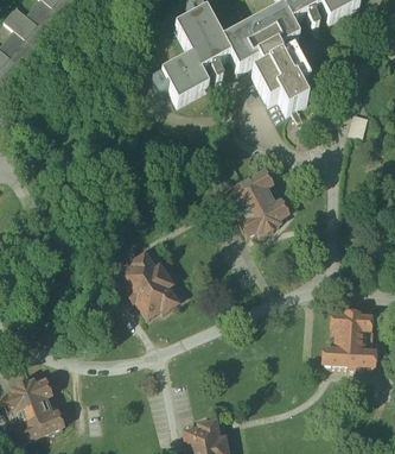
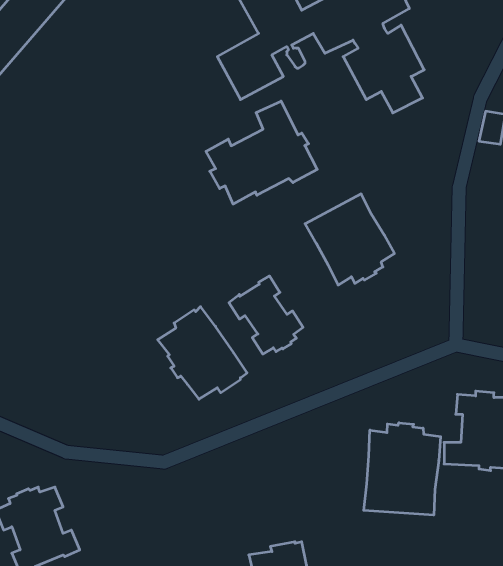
building: none -> [206,101,317,204]
building: none -> [229,276,303,354]
building: none -> [364,423,441,515]

